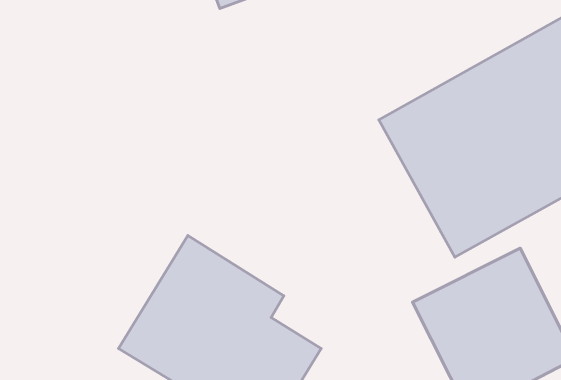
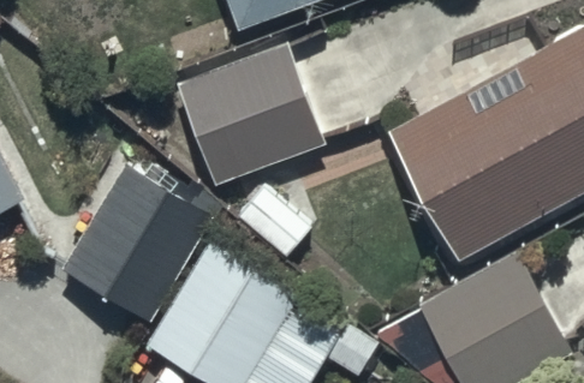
building: none -> [175,43,326,187]
building: none -> [62,166,213,323]

